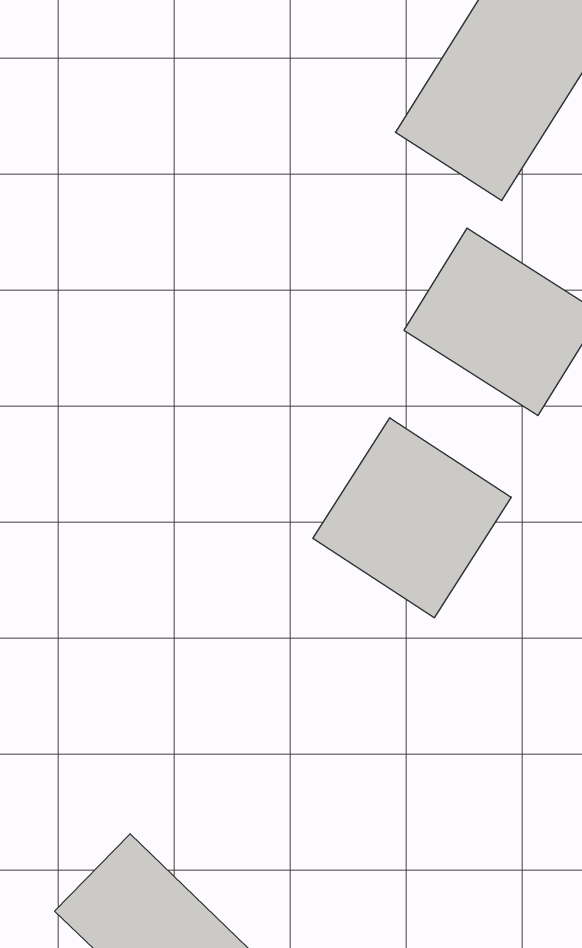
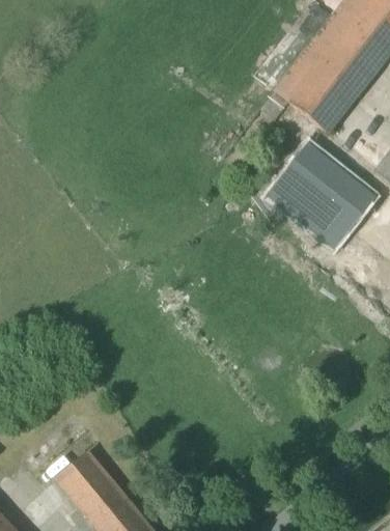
building: [313,418,511,618] -> none

